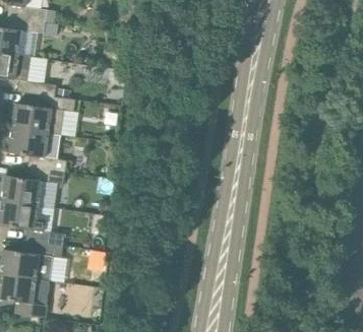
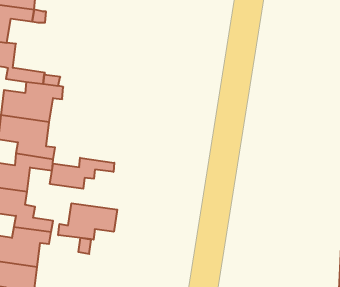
building: none -> [50,158,114,189]
building: none -> [58,203,117,240]

